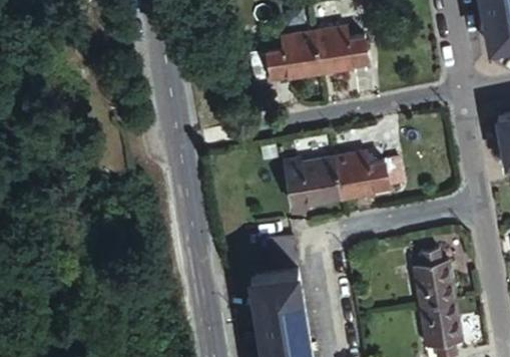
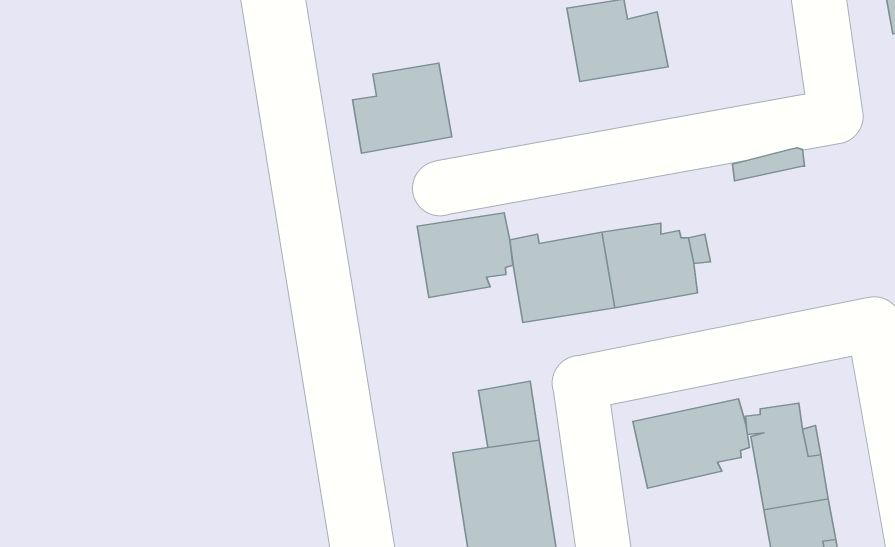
building: [266,33,320,82] -> [352,63,452,153]
building: none -> [417,213,513,298]
building: none -> [633,399,749,488]

